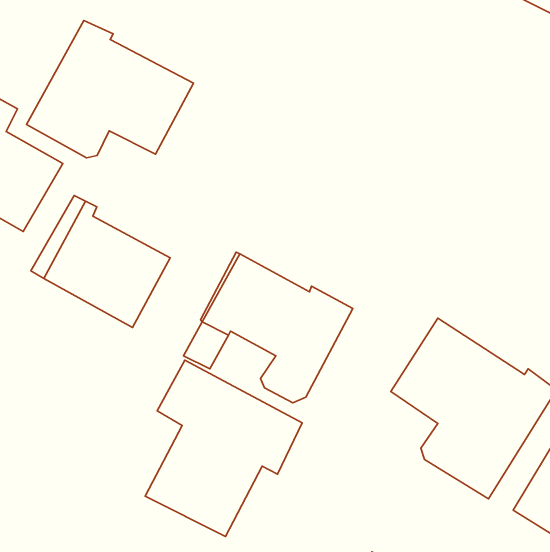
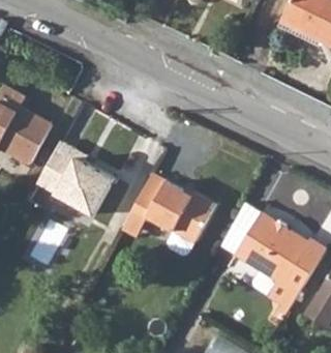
building: [27,21,194,158] -> none
building: [145,360,302,537] -> none

